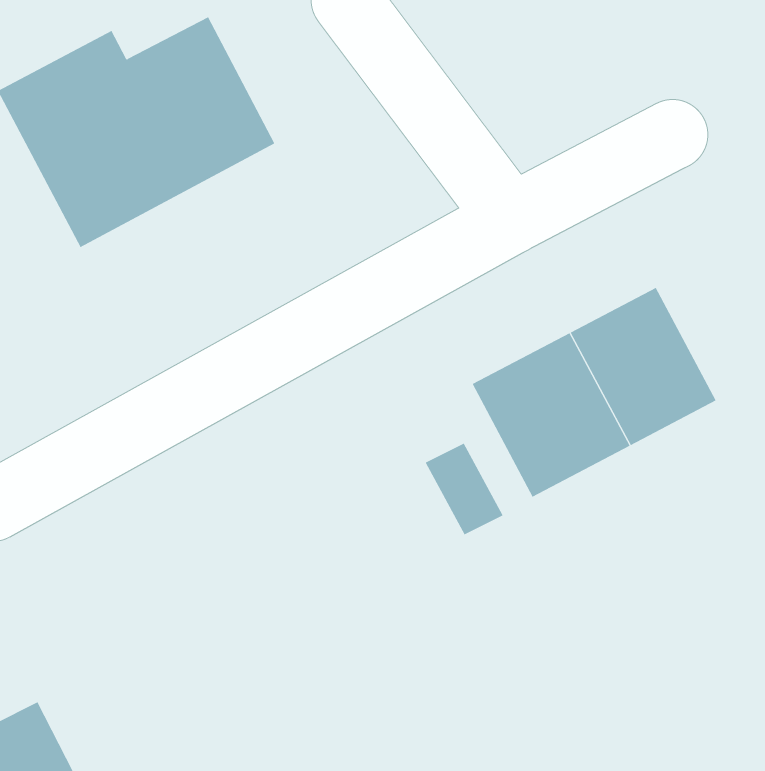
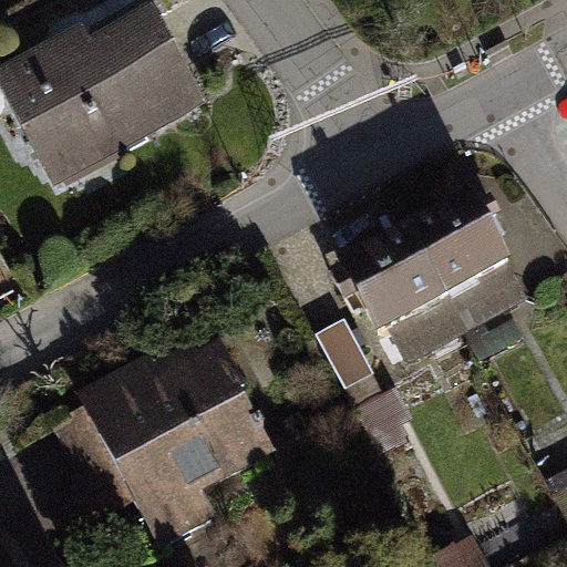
building: none -> [83,347,271,548]

